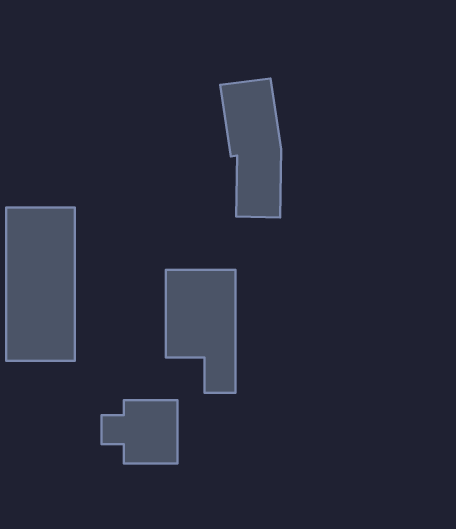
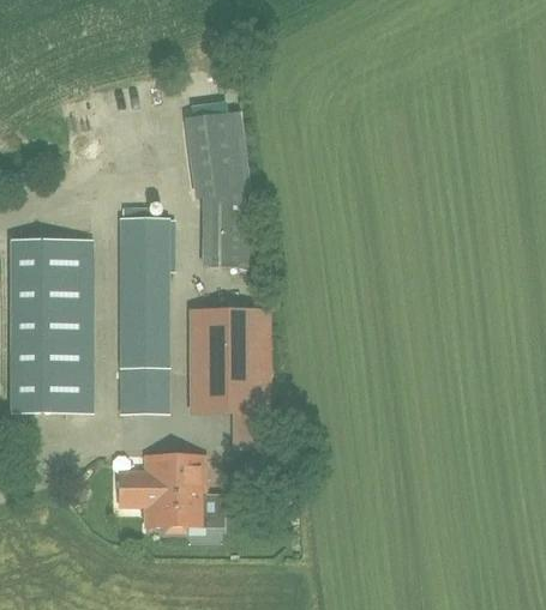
building: [220,78,281,218] -> [182,111,251,267]
building: none -> [121,219,168,411]

